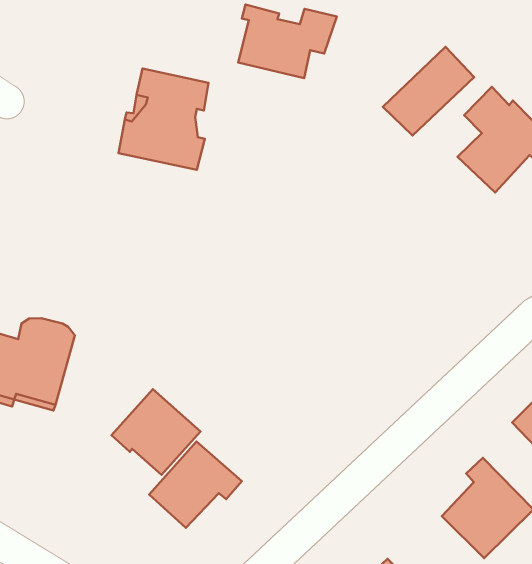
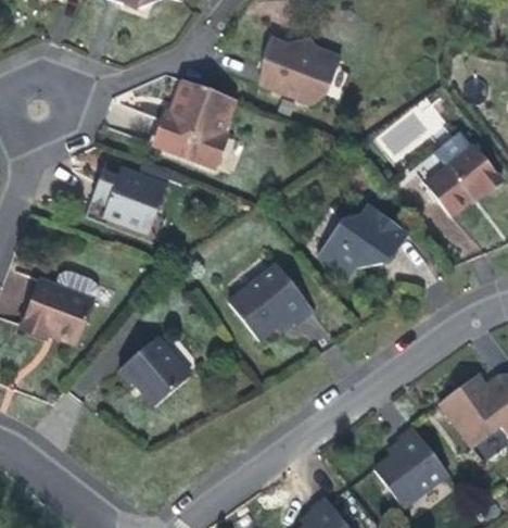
building: none -> [91,167,166,230]
building: none -> [319,205,409,279]
building: none -> [228,263,313,340]
building: [149,442,242,528] -> none

